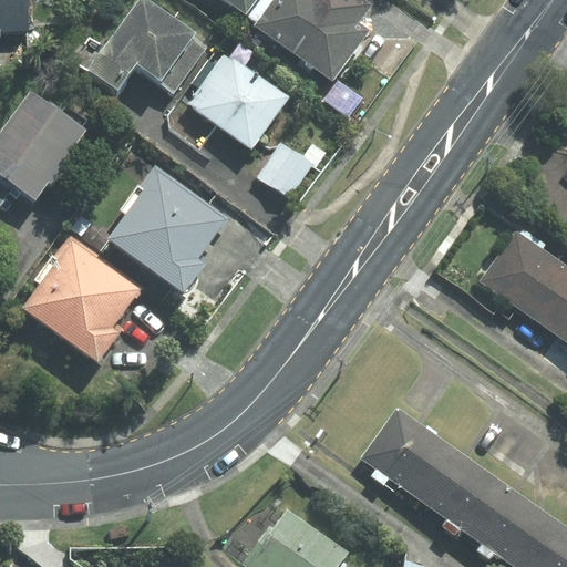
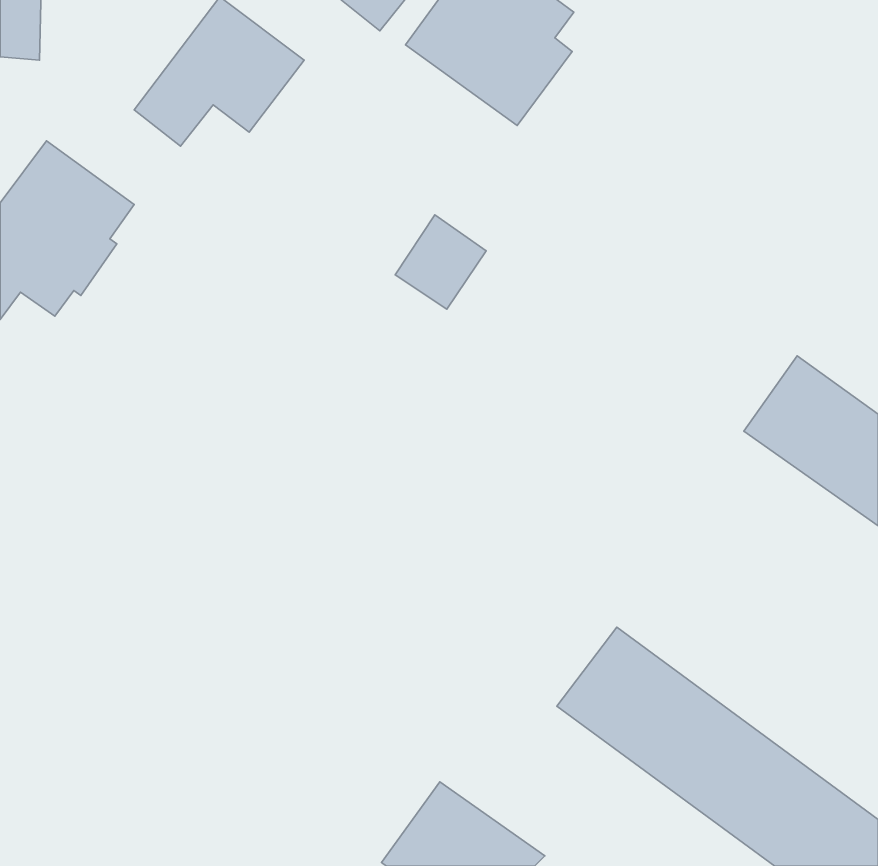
building: [169,50,292,152] -> none
building: [107,162,230,300] -> none
building: [23,230,144,369] -> none

